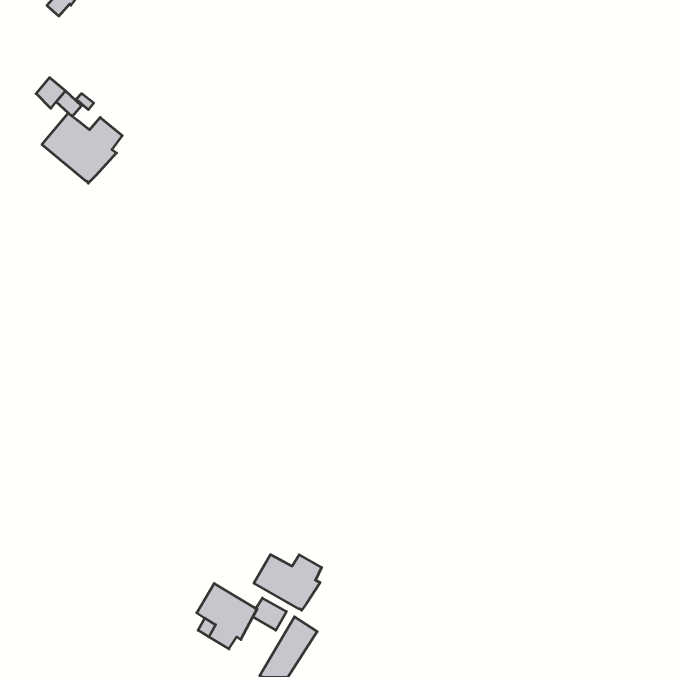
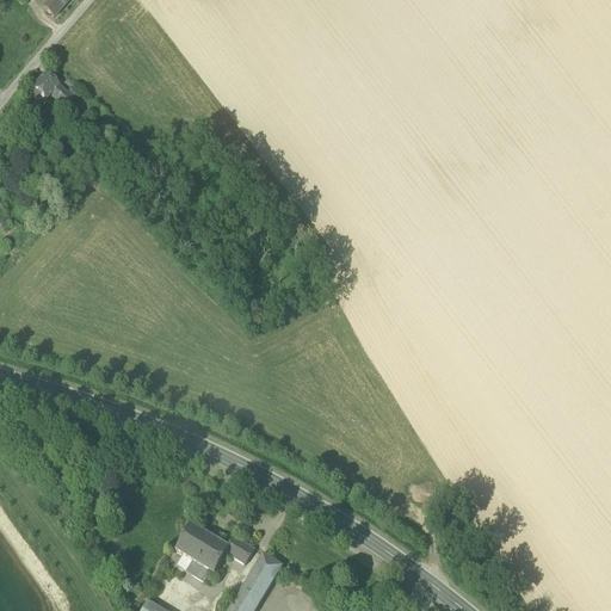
building: [42,113,122,183] -> none
building: [254,555,322,610] -> none

